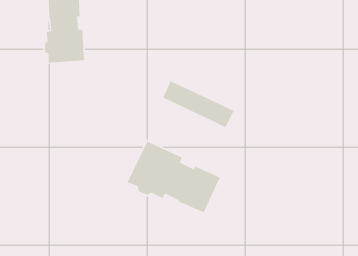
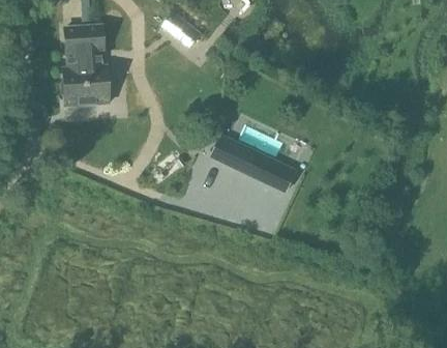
building: [127,140,221,213] -> none

